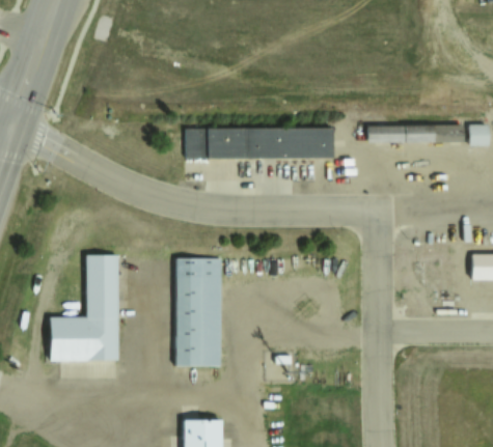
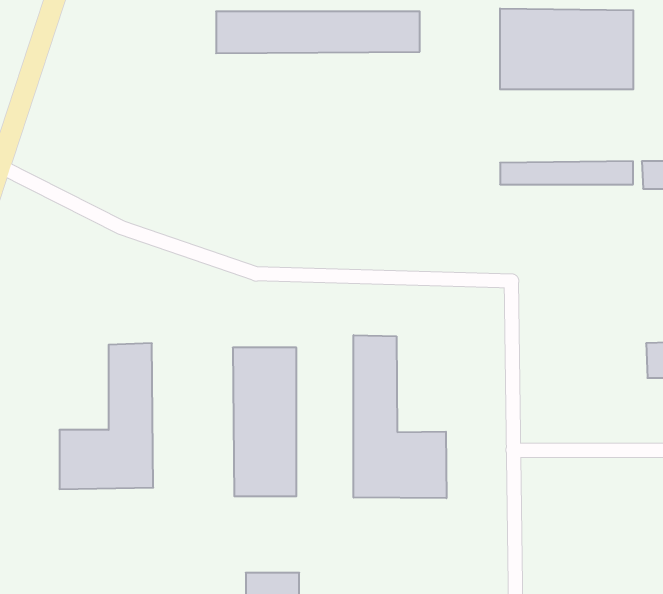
building: none -> [500,8,633,89]
building: [186,128,332,158] -> [216,11,420,53]
building: none -> [354,335,446,498]

